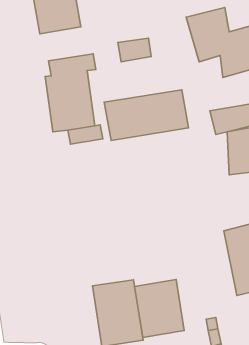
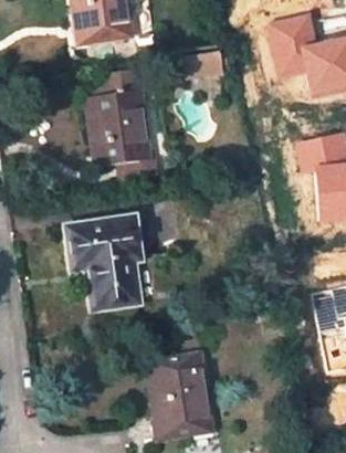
building: [104,90,188,140] -> none
building: none -> [70,221,139,308]
building: [135,279,184,338] -> none

